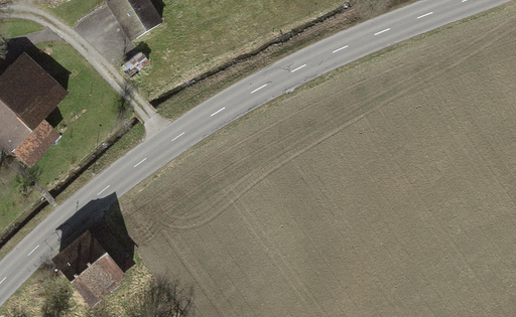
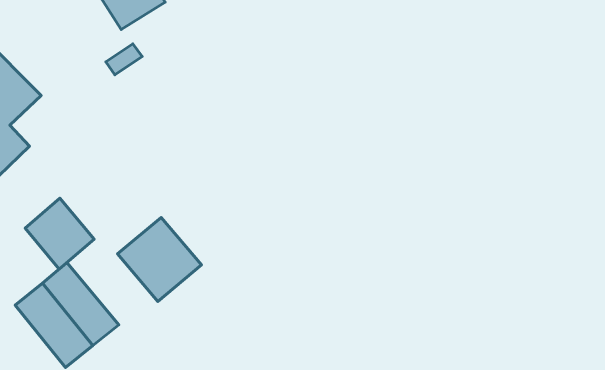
building: none -> [25,198,94,269]
building: none -> [117,217,202,301]

